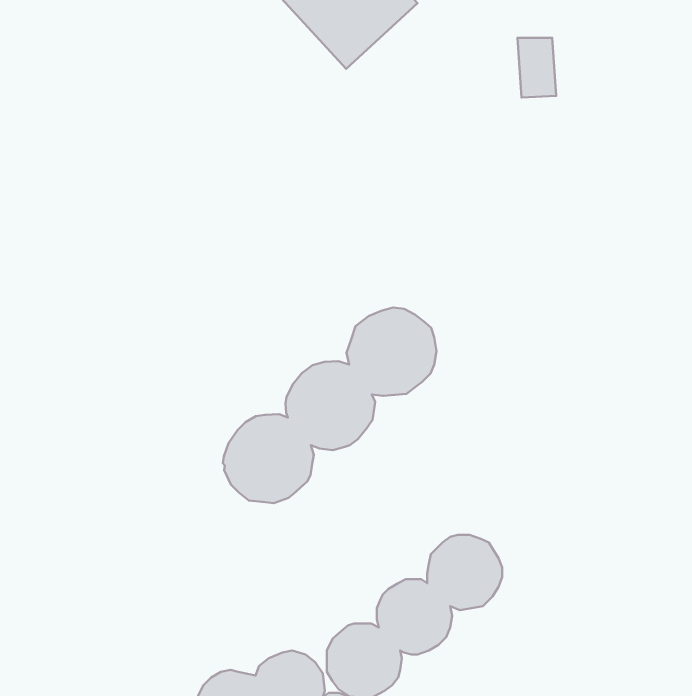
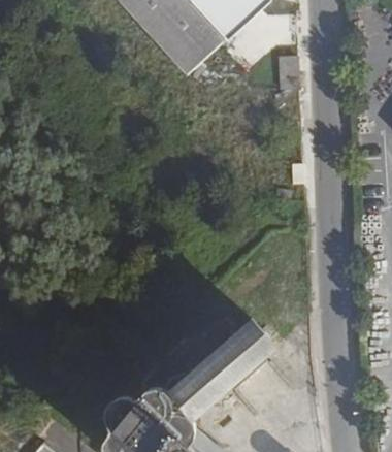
building: [223,307,436,503] -> none

